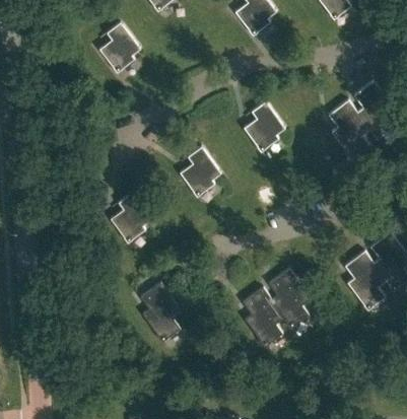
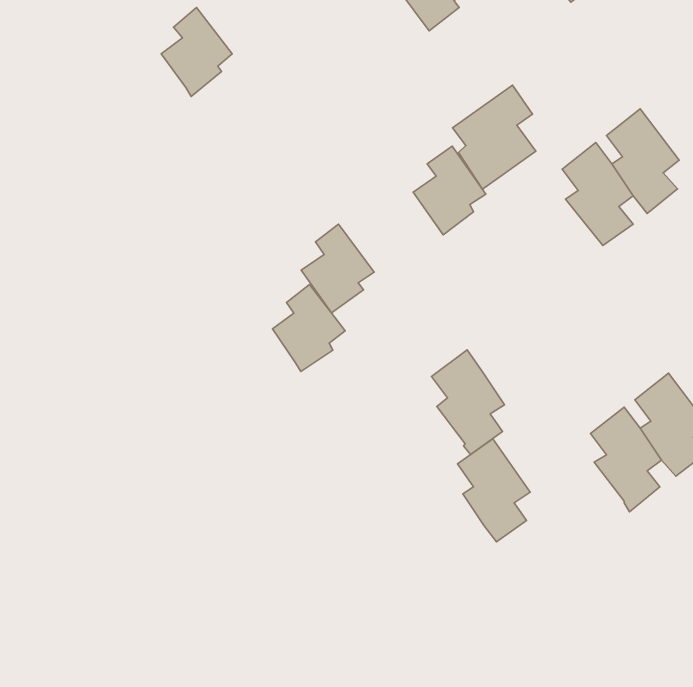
building: none -> [452,85,536,189]
building: [111,193,152,242] -> [272,285,345,372]
building: [141,282,182,342] -> none
building: [243,287,284,347] -> [432,350,504,455]

